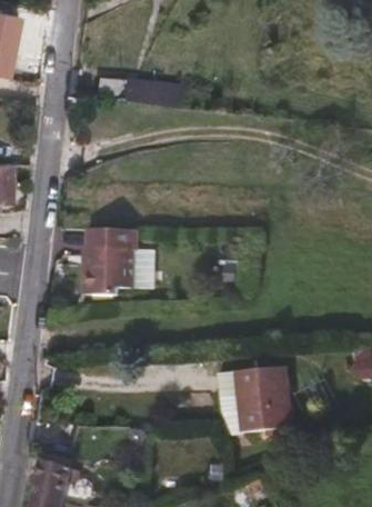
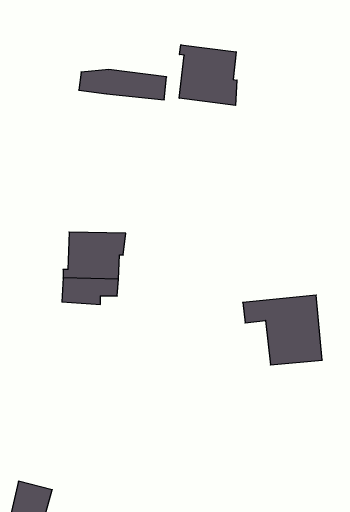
building: none -> [179,45,237,105]
building: [220,368,293,433] -> [243,295,322,365]

